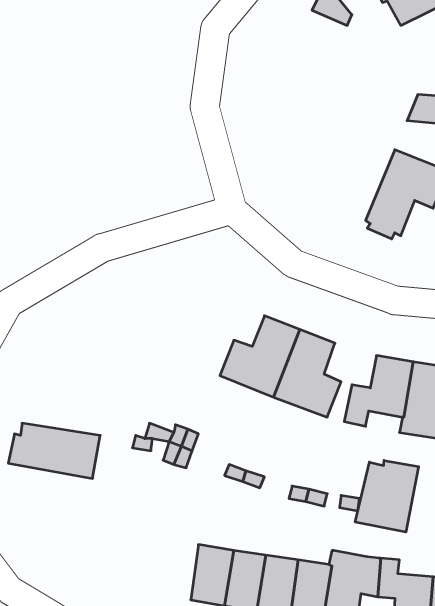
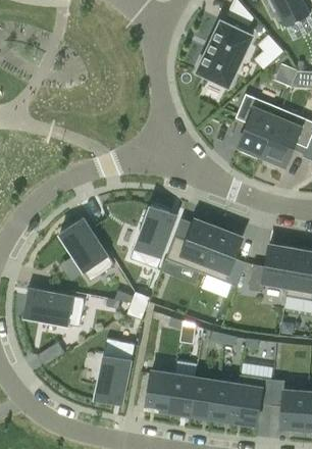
building: none -> [195,19,251,87]
building: none -> [235,93,280,157]
building: none -> [129,205,175,268]
building: none -> [58,221,114,282]
building: [355,460,419,532] -> none
building: none -> [95,343,135,402]

